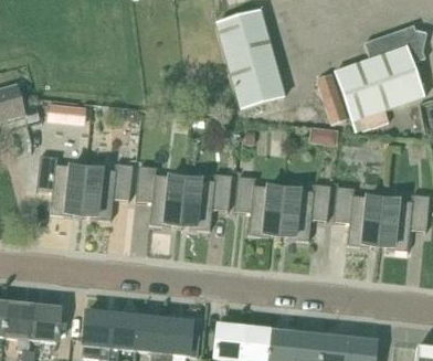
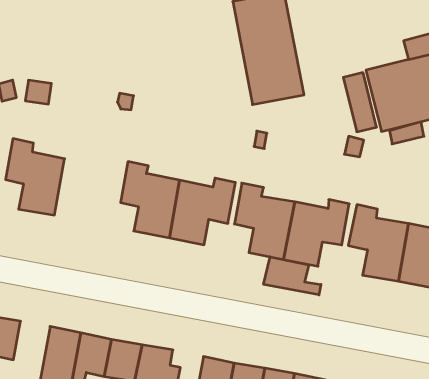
building: [81,161,133,219] -> none
building: none -> [264,257,321,295]

